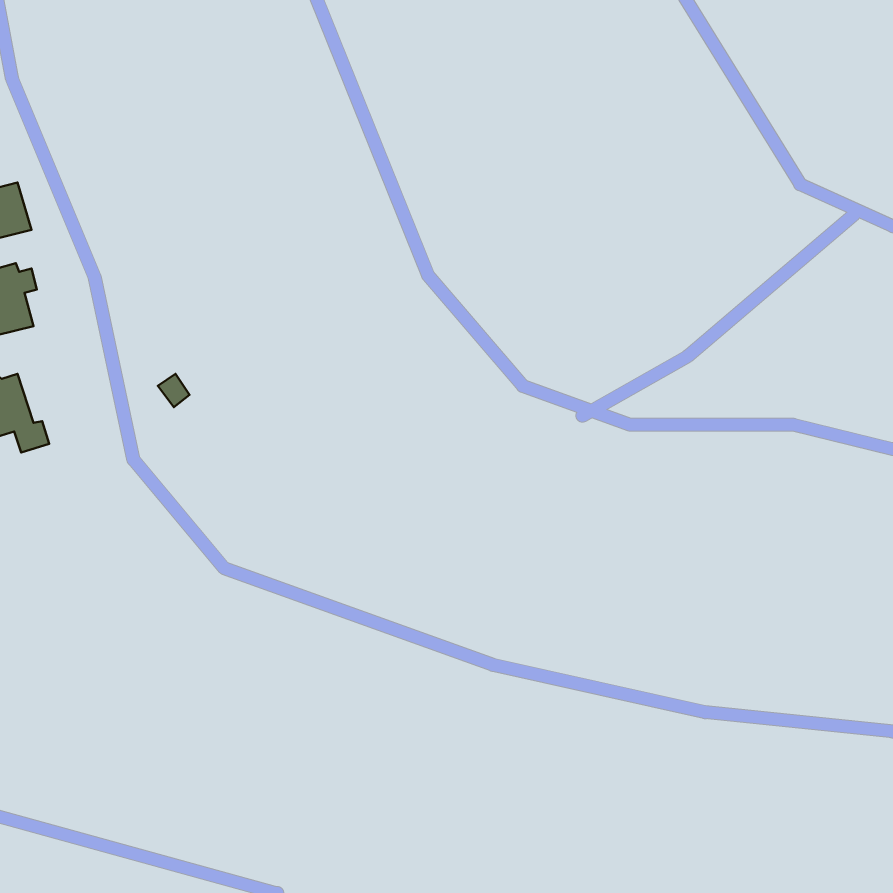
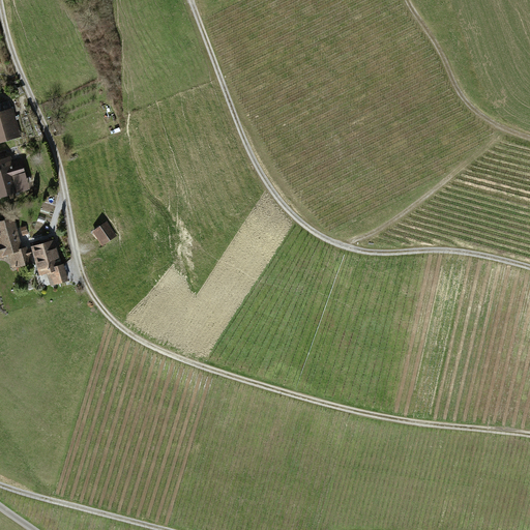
building: none -> [30,240,67,285]

